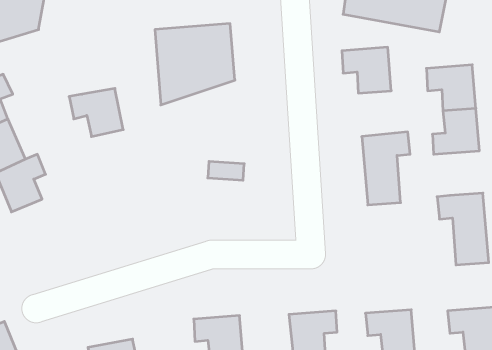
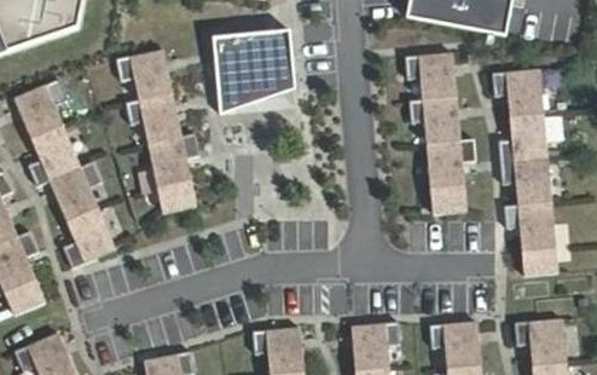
building: none -> [116,48,172,99]
building: none -> [408,96,459,143]
building: none -> [147,133,198,213]
building: none -> [499,157,550,203]
building: none -> [62,207,115,267]

